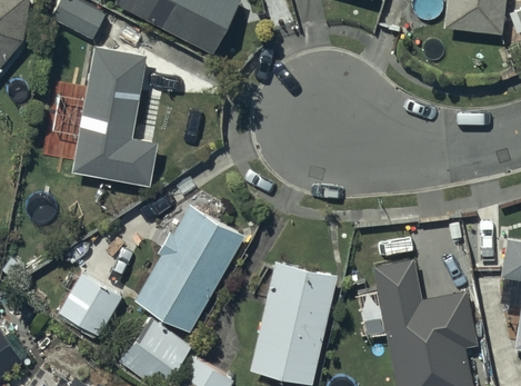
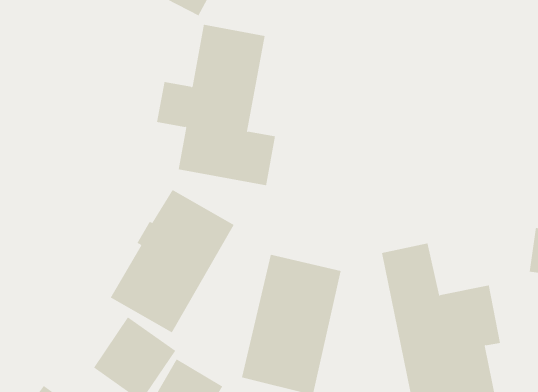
building: [53,46,158,187] -> [156,24,276,186]
building: [59,274,122,337] -> none

